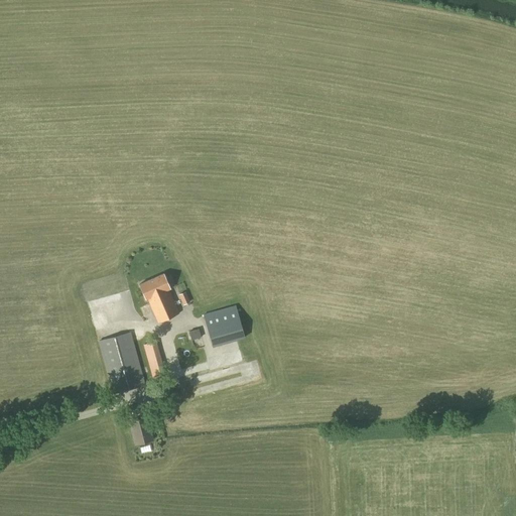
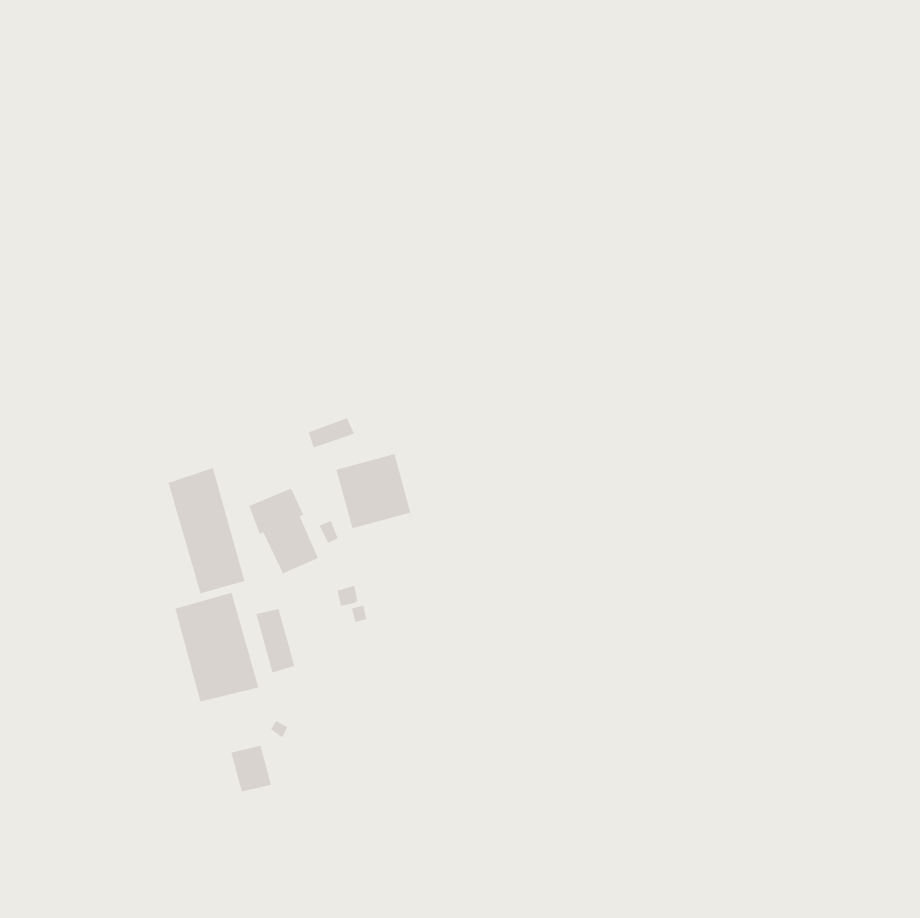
building: none -> [168,467,245,594]
building: [203,304,245,347] -> [336,453,411,529]

